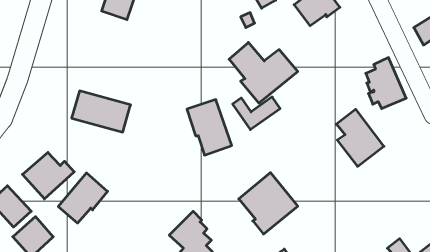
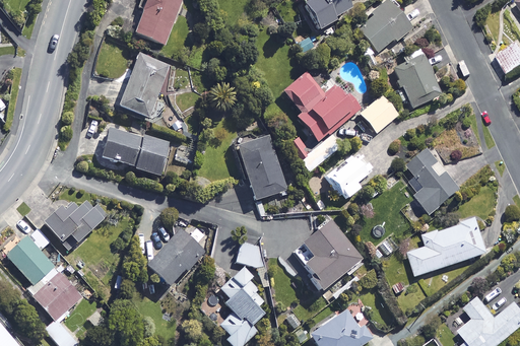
building: none -> [119,54,174,118]
building: [366,58,406,109] -> [393,49,440,108]
building: none -> [359,94,397,133]
building: none -> [326,151,372,200]
building: none -> [408,218,489,275]
building: [58,173,108,223] -> [147,228,204,286]
building: none -> [235,239,262,266]

